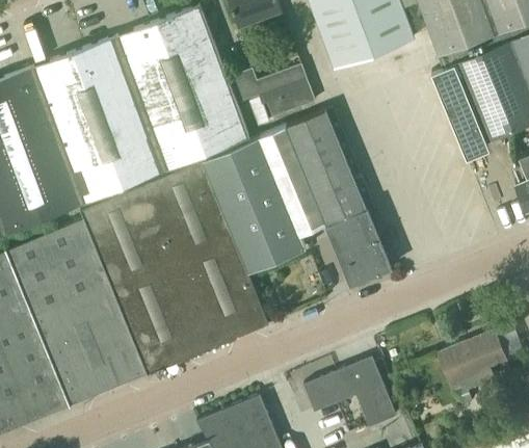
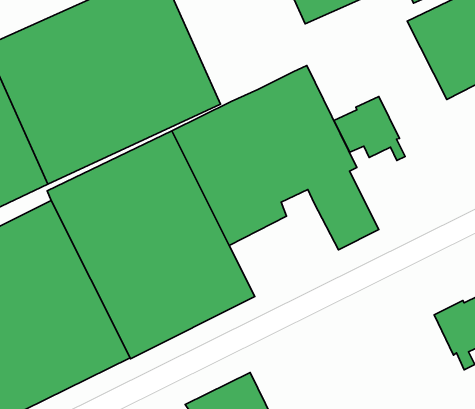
building: [233,65,316,120] -> none
building: none -> [334,96,405,161]
building: [303,358,396,428] -> none

